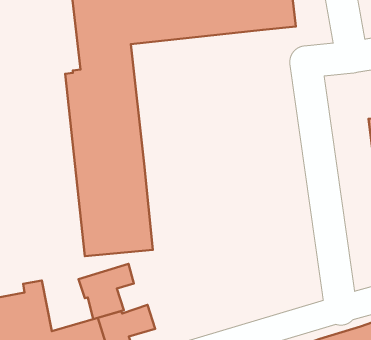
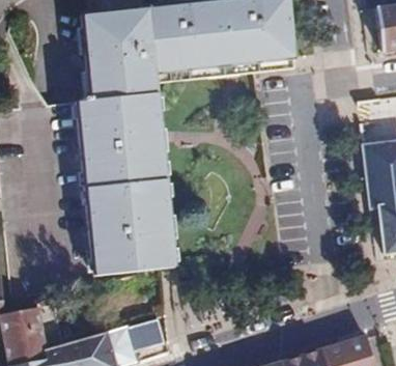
building: none -> [138,56,294,266]
building: [79,264,134,319] -> none

